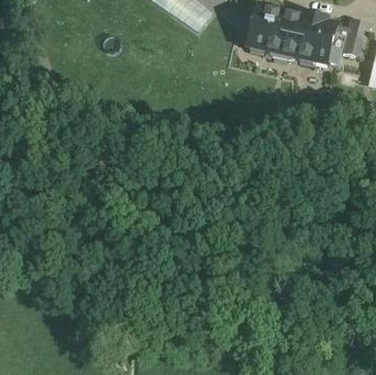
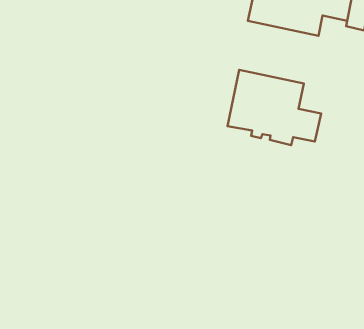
building: none -> [227,70,321,145]

